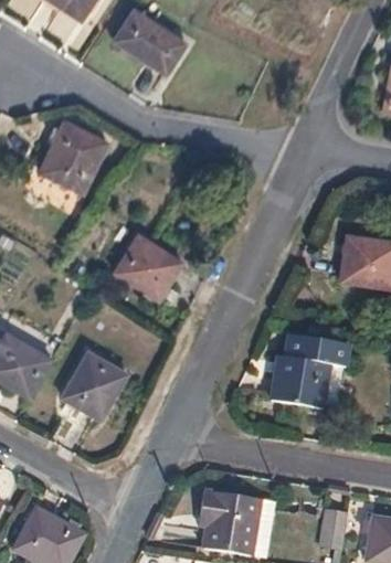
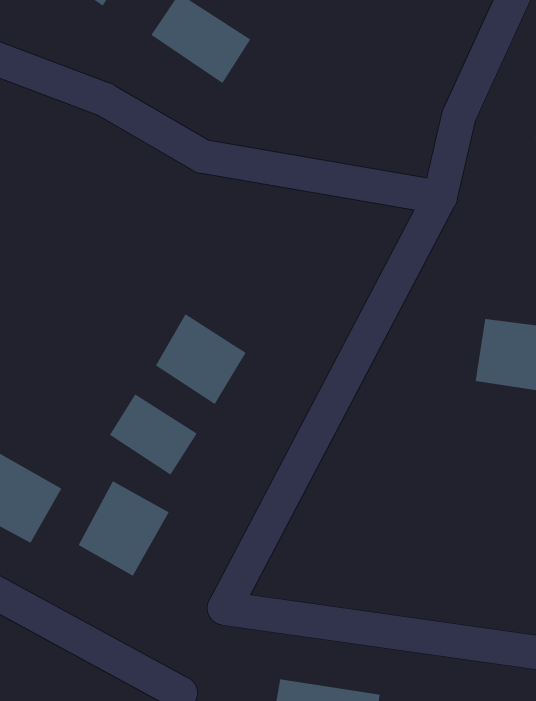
building: [39,120,105,191] -> none
building: none -> [109,393,198,476]
building: [271,334,349,410] -> none

